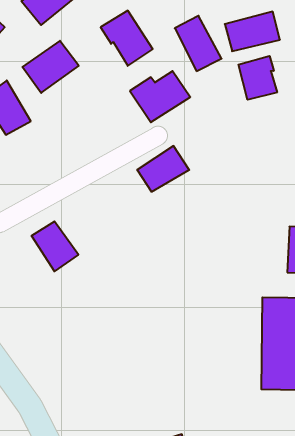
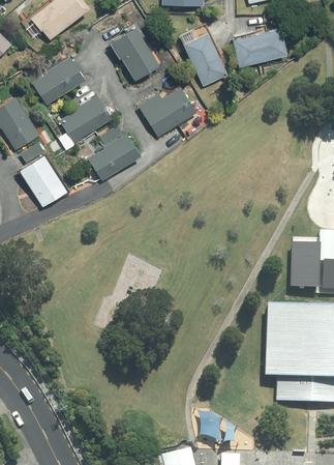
building: [238,56,277,100] -> none
building: none -> [57,95,112,143]
building: [137,146,189,192] -> [88,133,140,178]
building: [31,221,78,271] -> [19,155,65,205]

